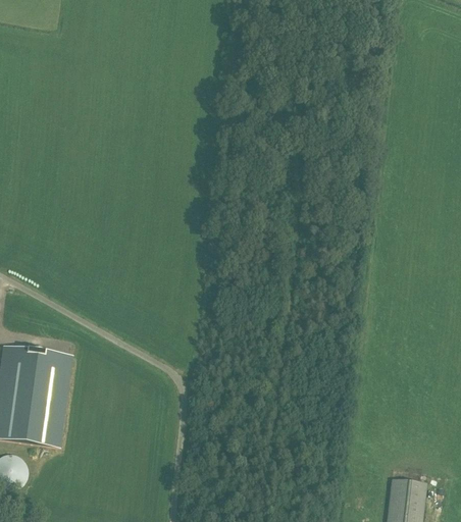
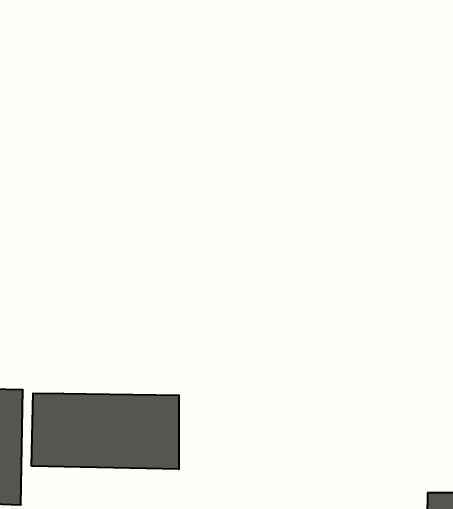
building: none -> [32,393,179,469]

